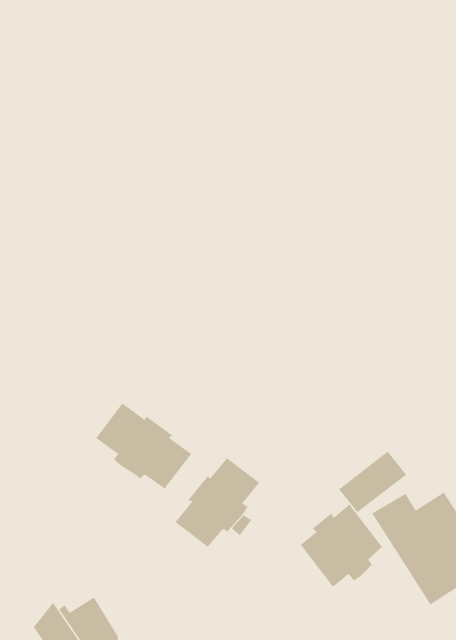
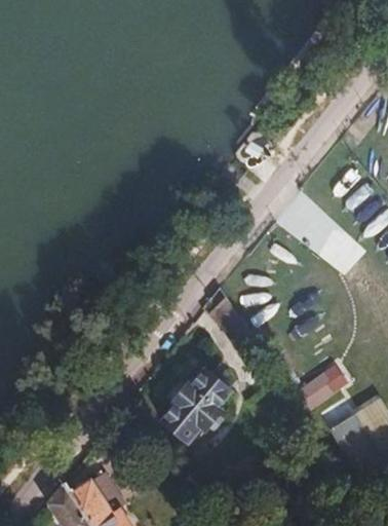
building: [95,403,192,489] -> none
building: [300,504,383,588] -> none

